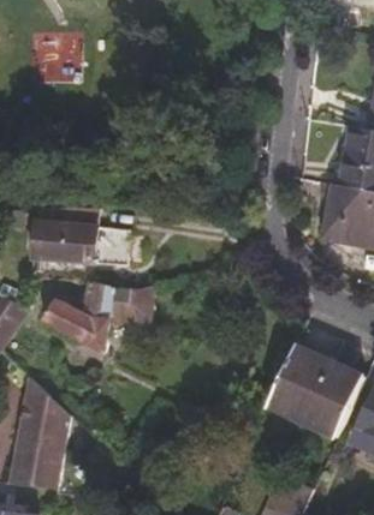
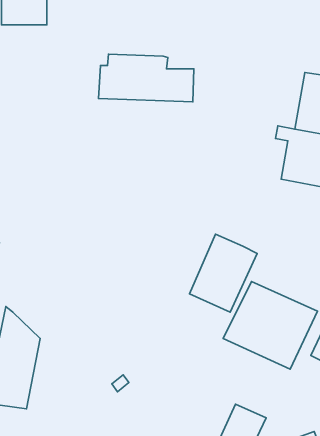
building: [34,212,135,263] -> [98,54,194,102]
building: [38,281,159,352] -> none
building: none -> [190,234,257,312]

